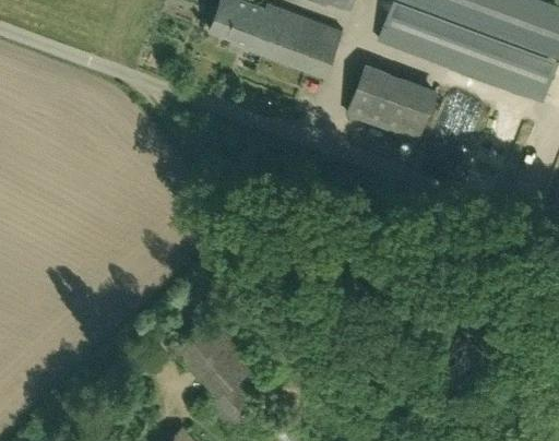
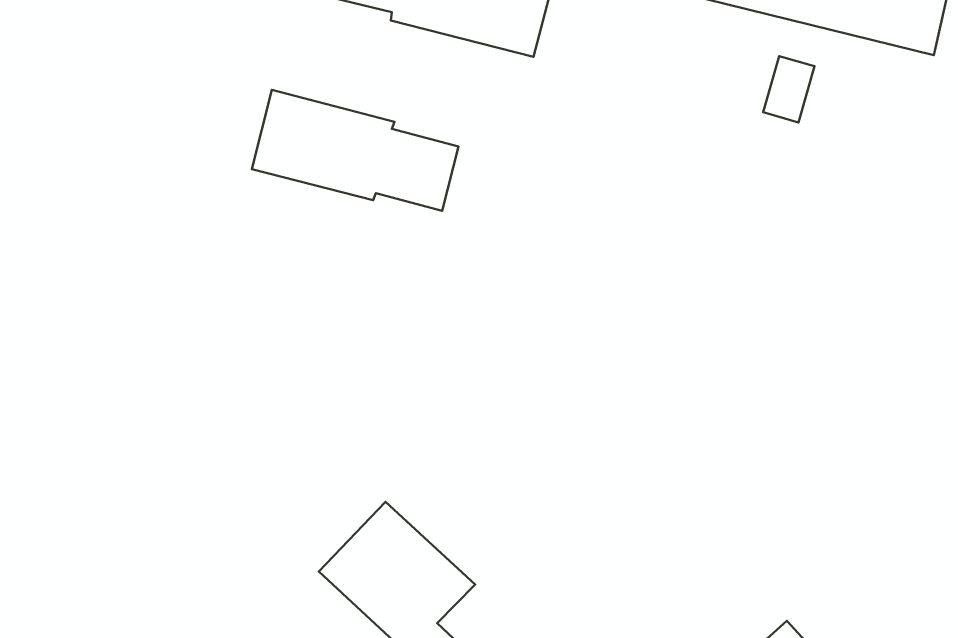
building: [346,68,435,140] -> none
building: none -> [252,90,458,211]

